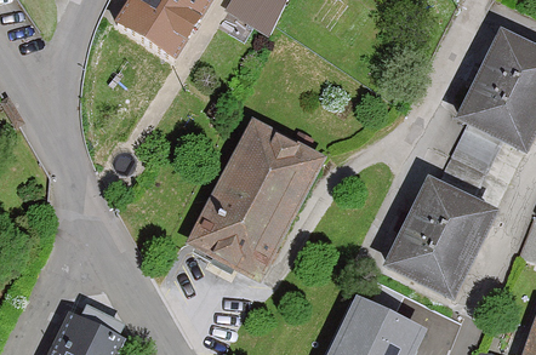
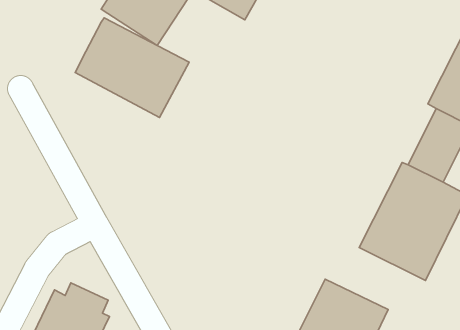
building: none -> [75,18,189,118]
building: [188,118,324,279] -> none

